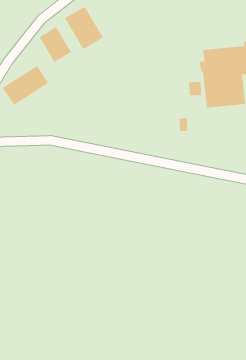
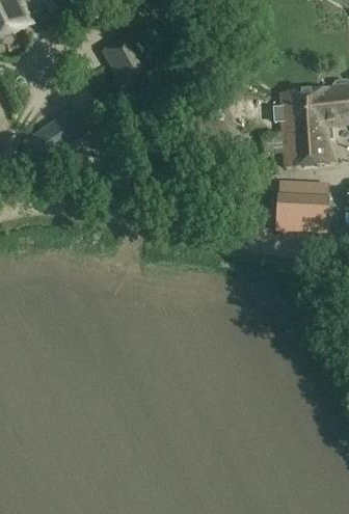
building: [39,26,72,63] -> none
building: none -> [276,192,328,231]

